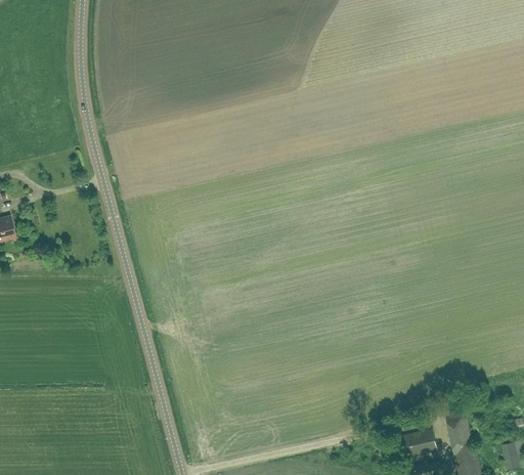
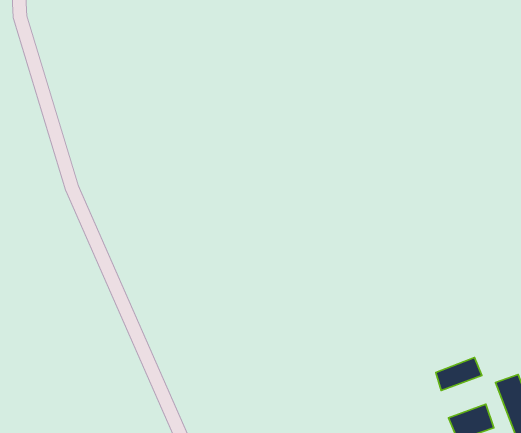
building: none -> [436,357,482,391]

